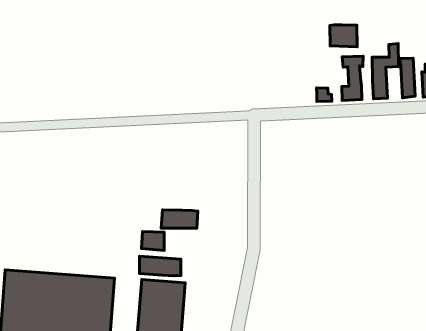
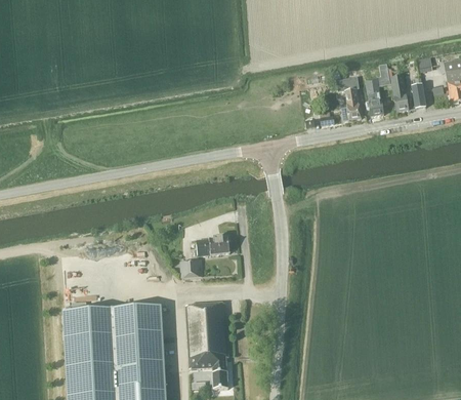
building: [330,25,357,47] -> none
building: [140,256,181,276] -> none

